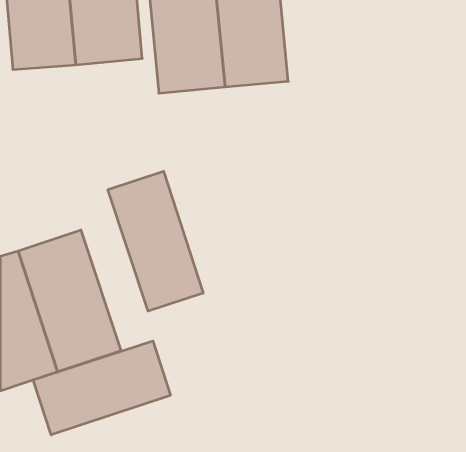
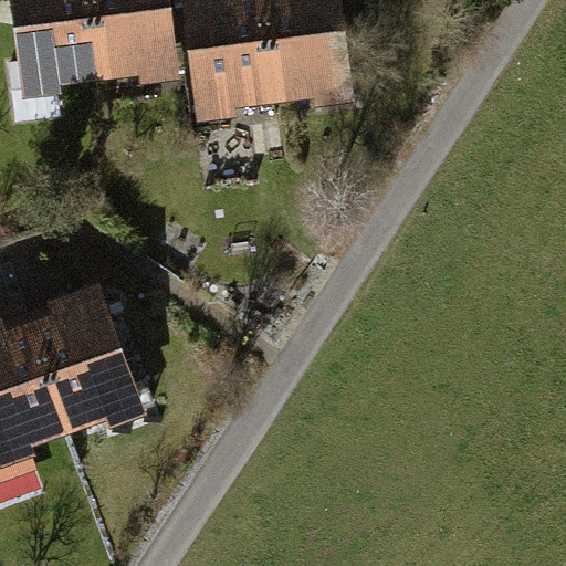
building: [108,171,203,311] -> none
building: [33,341,170,435] -> none

